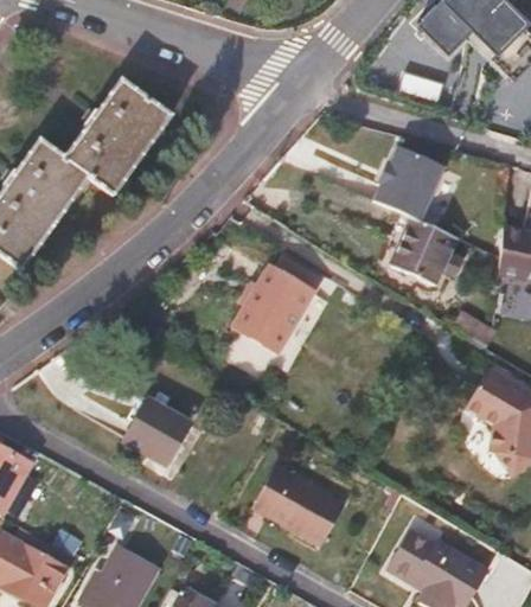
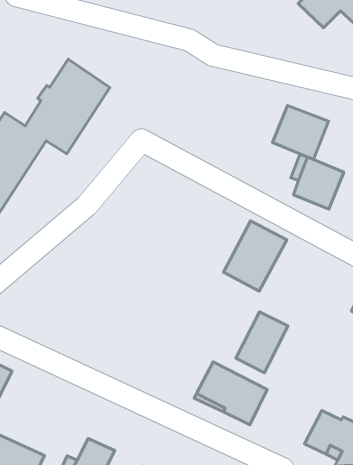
building: [235,264,315,352] -> [224,221,287,291]
building: [126,400,191,466] -> none
building: none -> [236,312,288,373]

